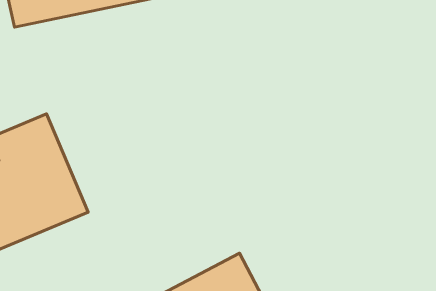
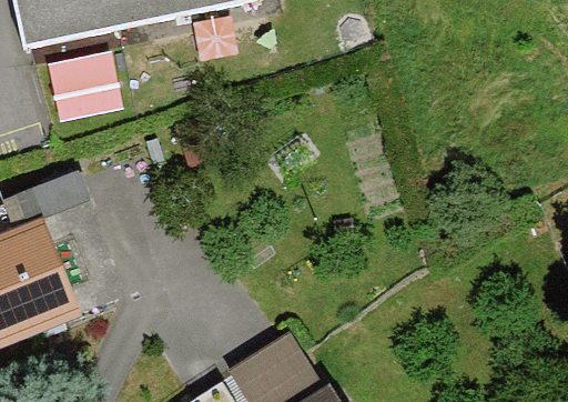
building: none -> [52,51,130,121]

